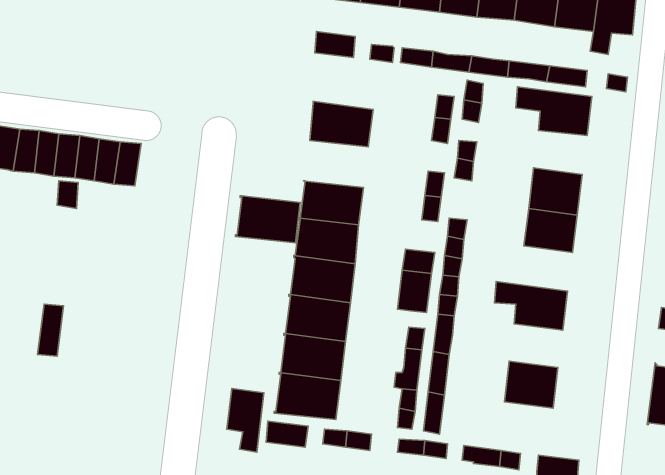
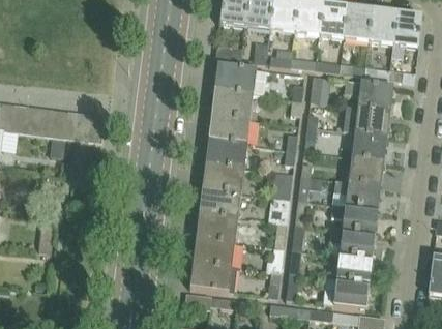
building: none -> [215,64,266,95]
building: none -> [338,106,389,136]
building: [235,196,300,243] -> [208,114,249,144]
building: none -> [331,180,380,210]
building: none -> [328,229,374,259]
building: [227,389,264,452] -> none
building: none -> [323,279,367,309]

